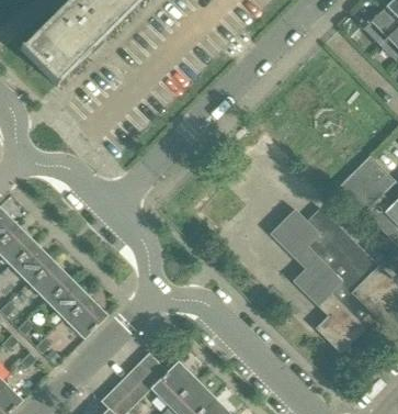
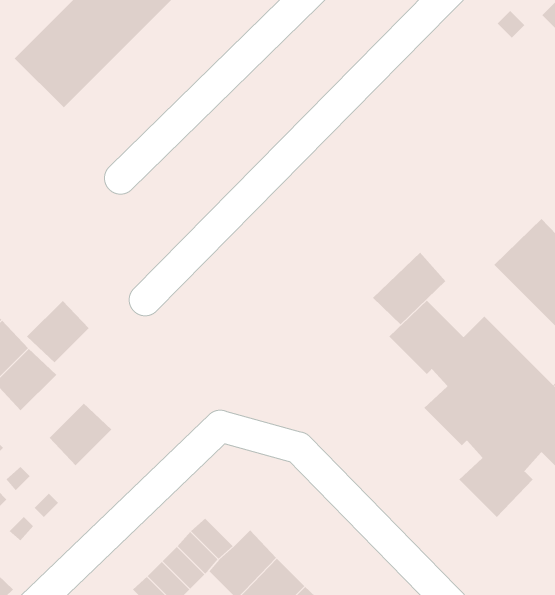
building: none -> [372,252,446,325]
building: [26,259,68,301] -> [26,300,89,363]
building: [62,295,106,339] -> none

